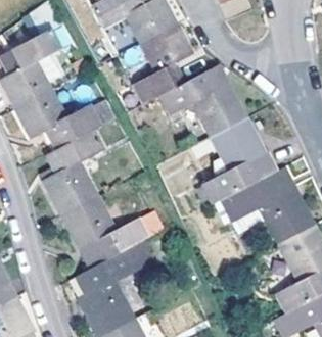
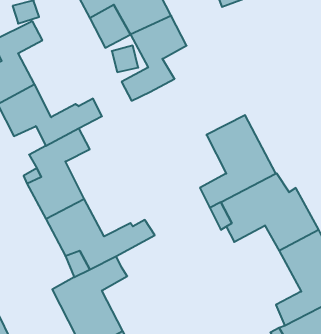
building: [158,64,246,136] -> none

